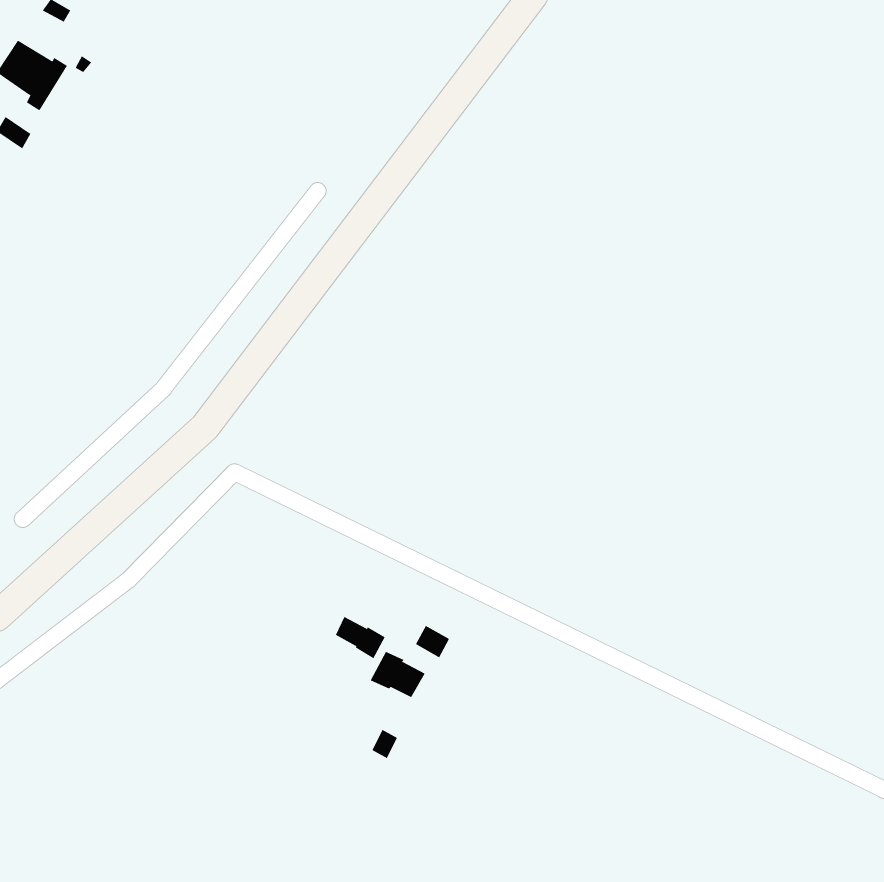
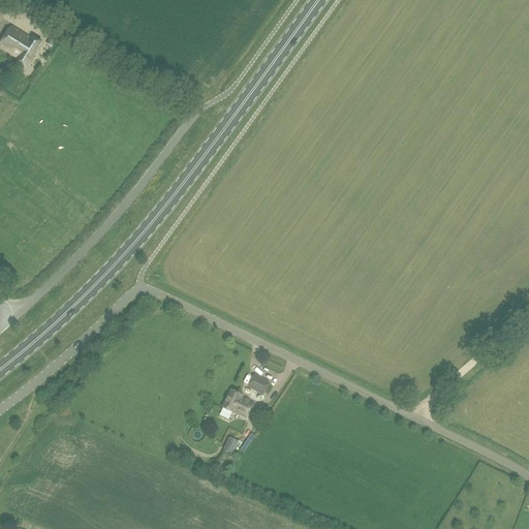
building: [335,616,385,659] -> none

